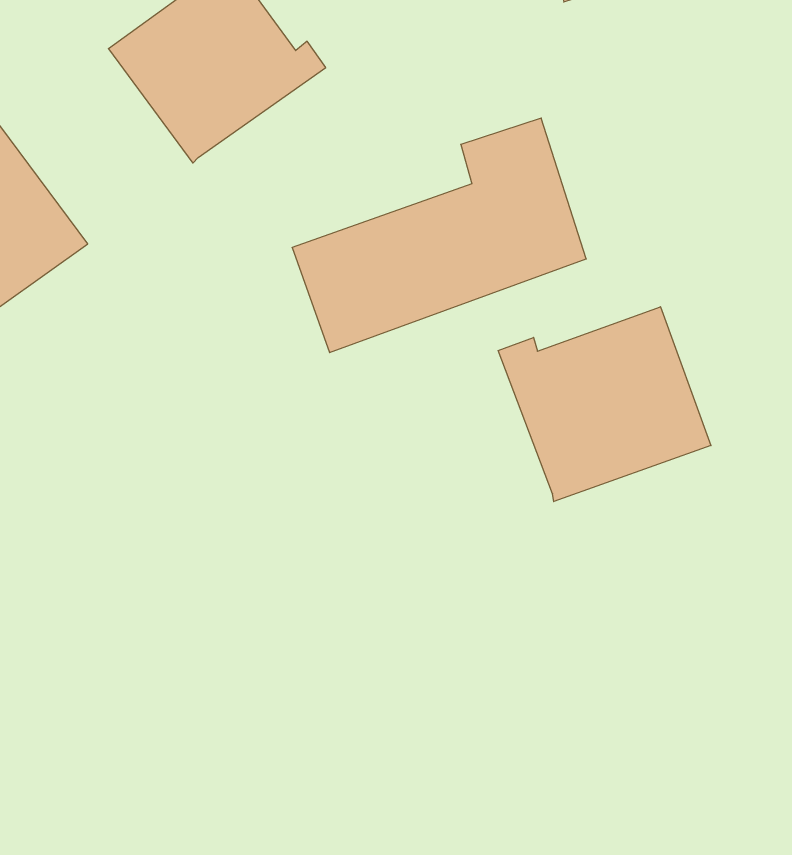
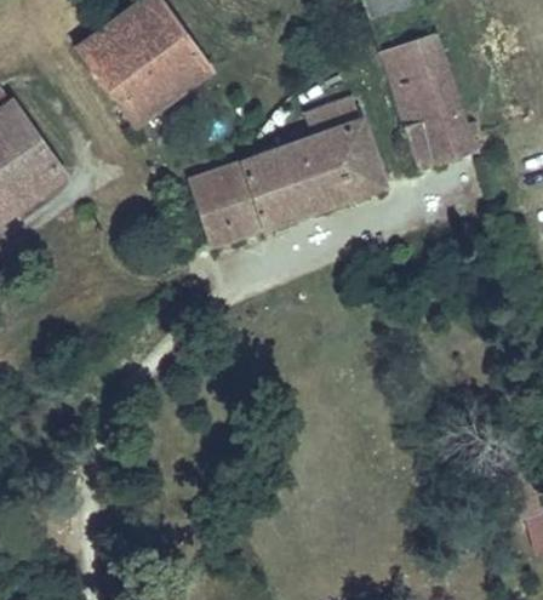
building: none -> [384,36,480,168]
building: [498,307,711,502] -> none

